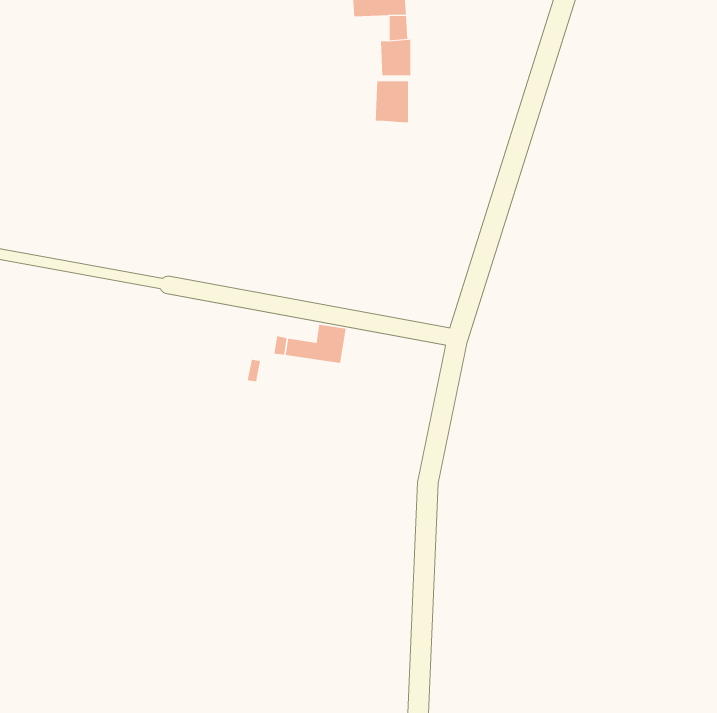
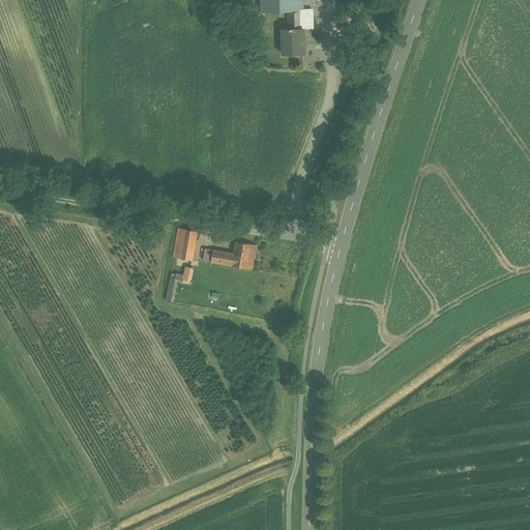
building: [375,80,409,123] -> none
building: none -> [173,227,199,259]

